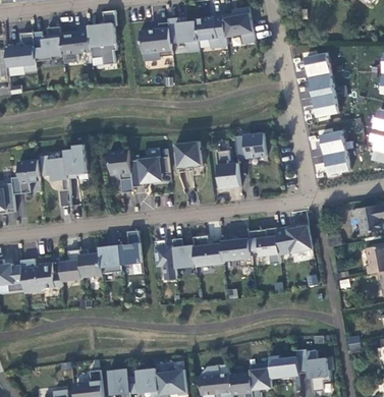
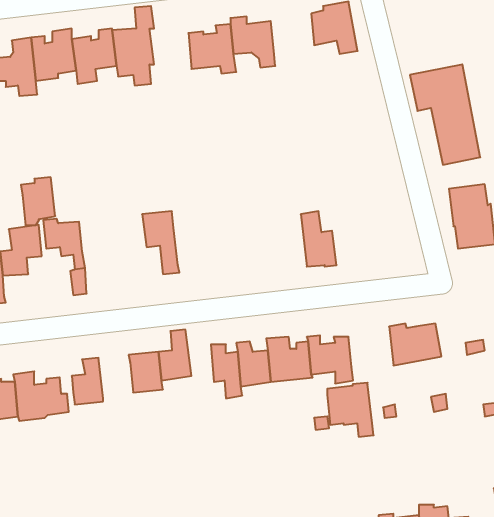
building: [196,15,226,48] -> none
building: [234,132,266,159] -> none
building: [174,141,202,170] -> none
building: [64,145,88,177] -> [21,177,55,225]
building: [129,155,169,186] -> none
building: [249,227,280,264] -> [327,383,374,437]
building: [78,248,102,277] -> none

